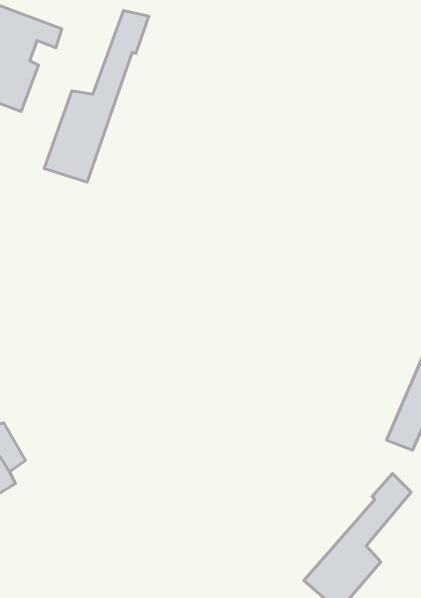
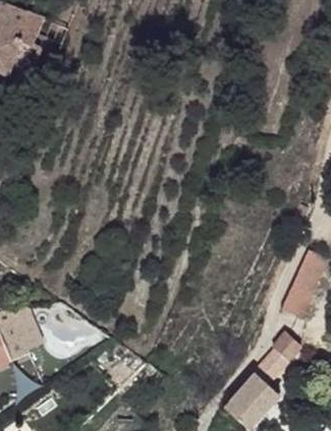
building: [44,10,149,182] -> none

